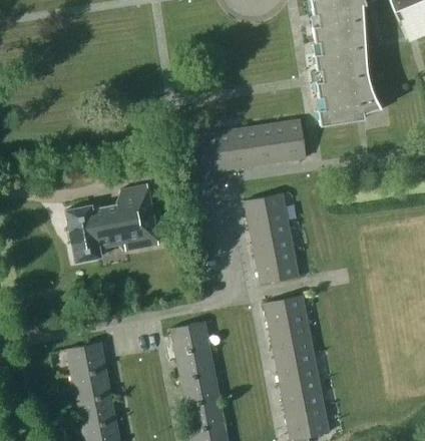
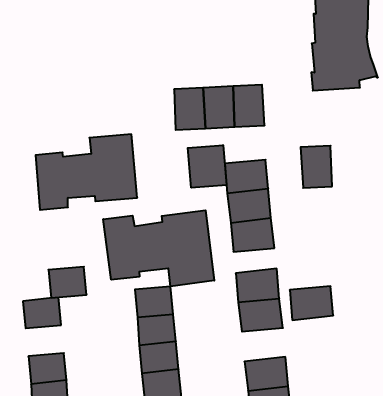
building: [273,120,306,162] -> [301,146,332,188]
building: none -> [188,145,227,188]
building: none -> [103,210,214,286]
building: [276,351,319,386] -> [290,286,333,320]
building: [72,368,110,400] -> [48,267,87,298]

